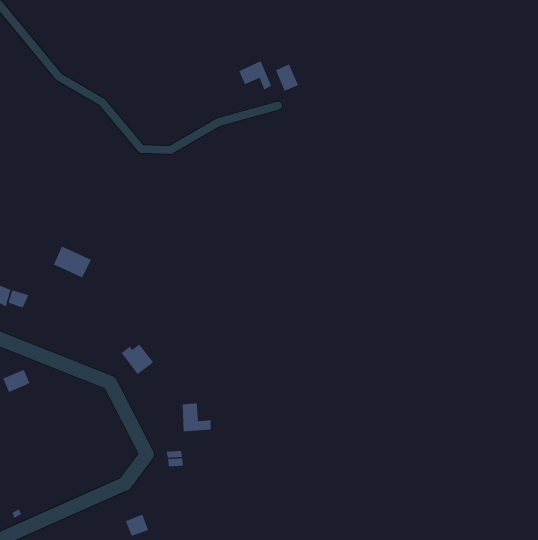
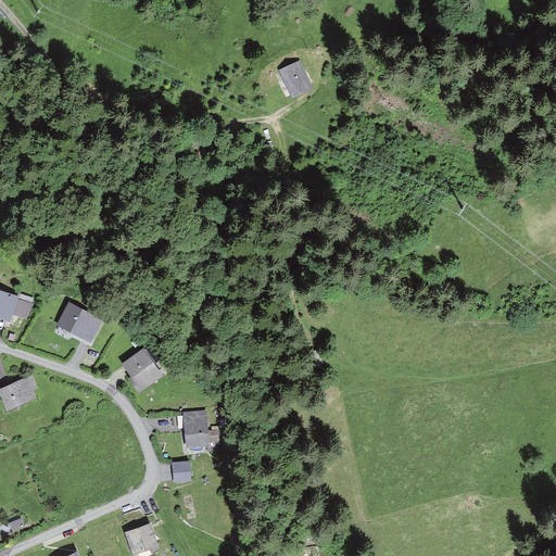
building: [238,60,272,90] -> none
building: [53,246,92,278] -> [60,306,100,340]

